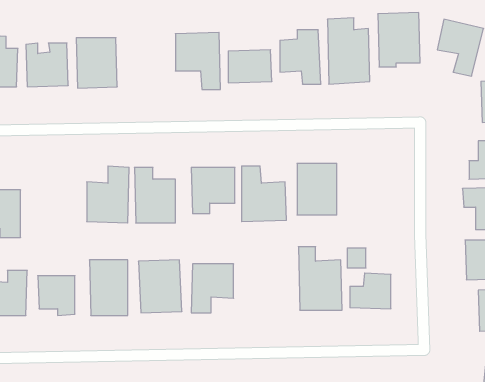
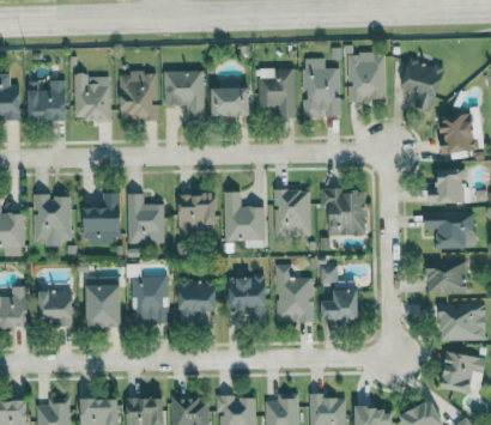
building: none -> [120,72,158,121]
building: none -> [320,189,365,235]
building: none -> [34,194,72,244]
building: none -> [229,277,267,323]

